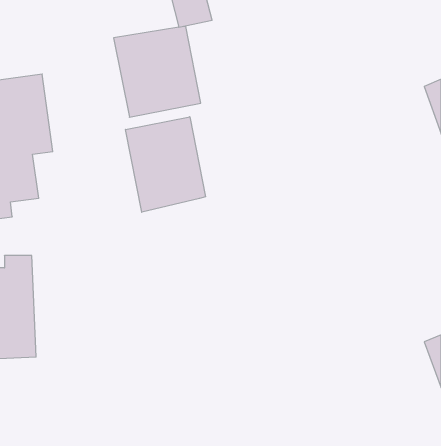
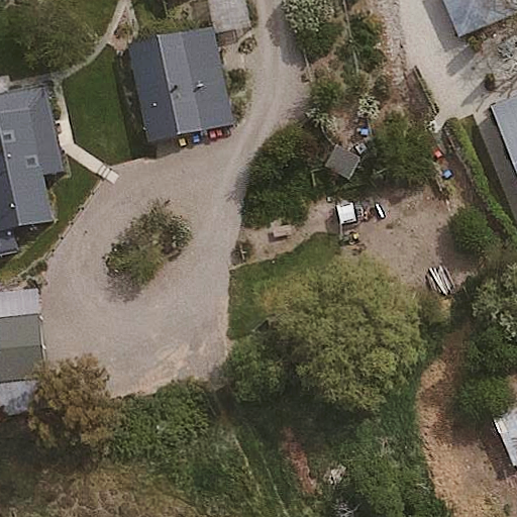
building: [126,117,206,212] -> none

